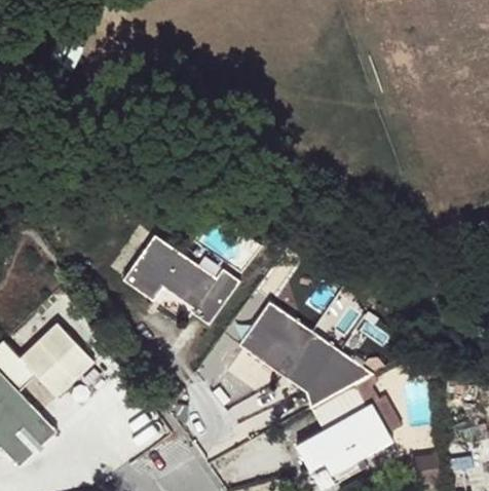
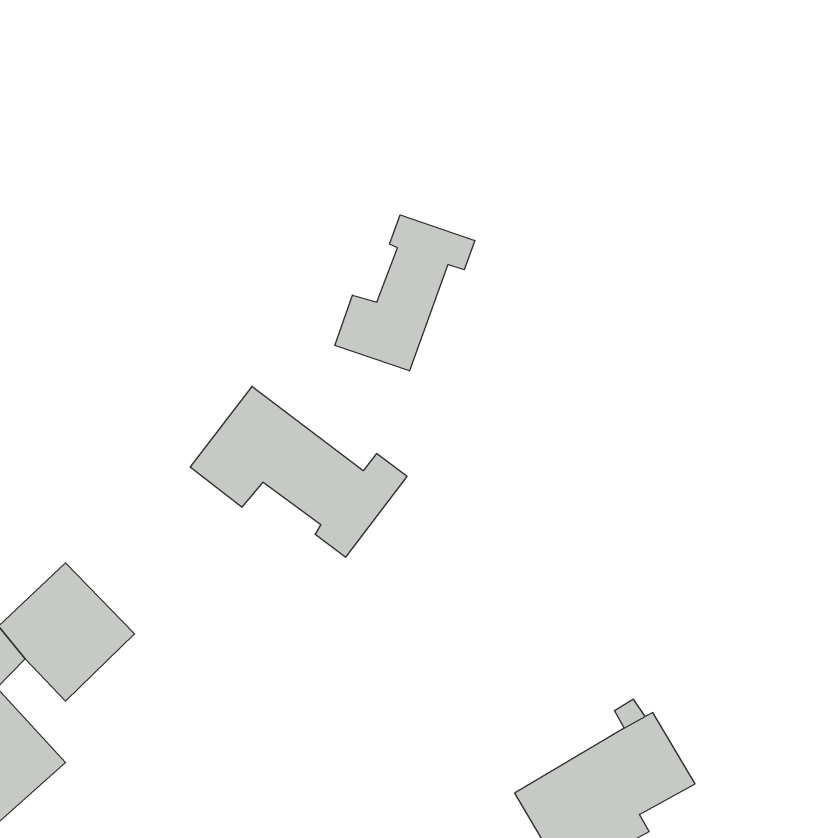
building: none -> [335,215,475,371]
building: [238,294,374,409] -> none

